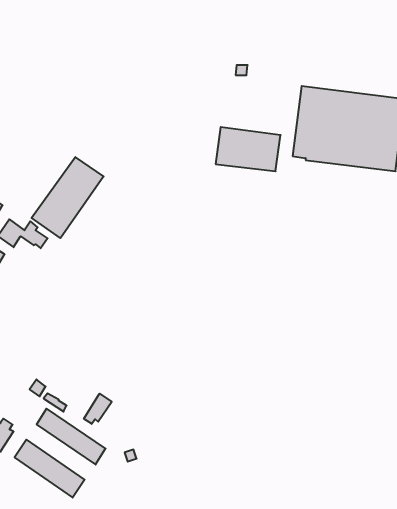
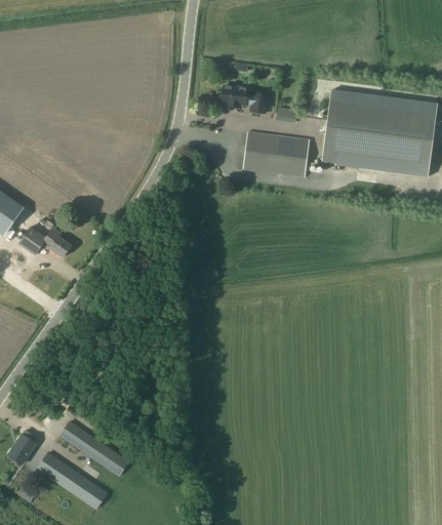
building: none -> [219,85,268,113]
building: [32,157,104,238] -> none
building: [84,394,112,424] -> none

